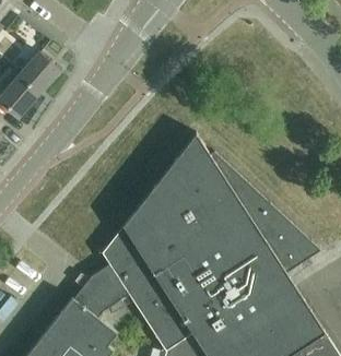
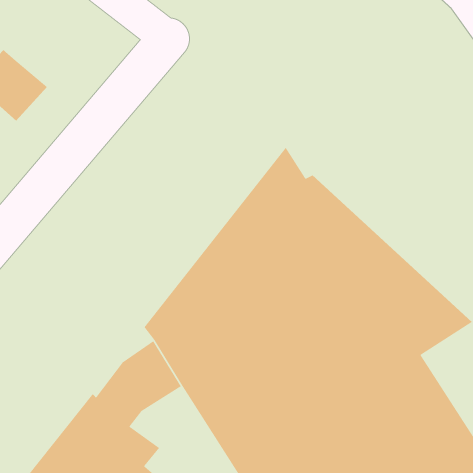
building: [19,52,60,94] -> none

